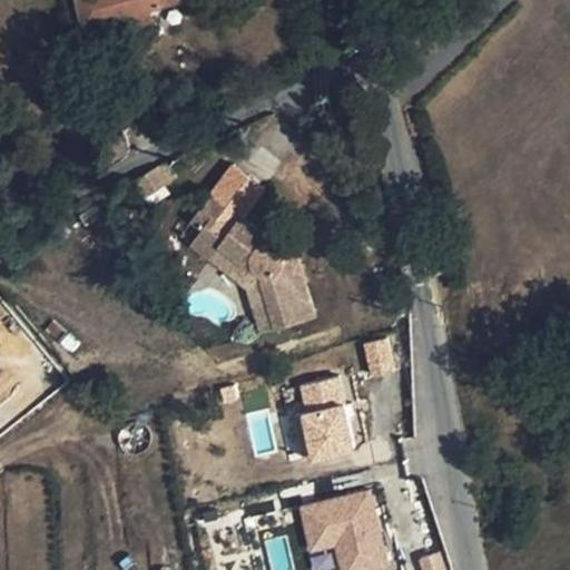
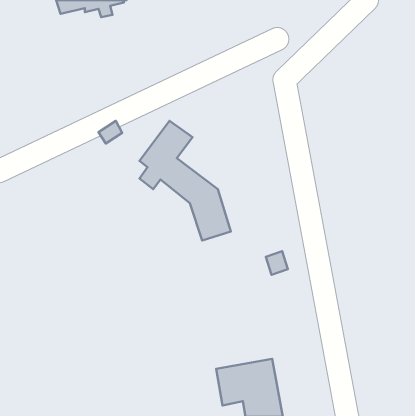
building: [209,246,276,334] -> none
building: [297,377,348,459] -> none

